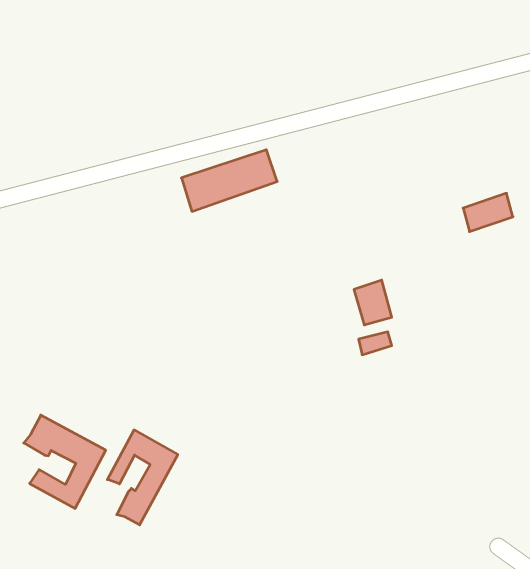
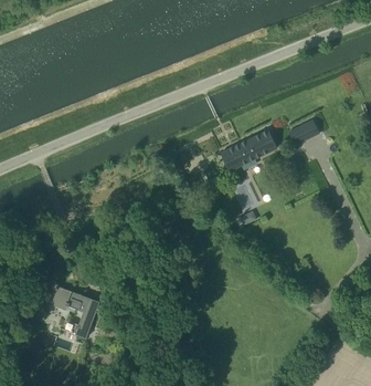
building: [181,150,277,211] -> [221,129,277,171]
building: [107,430,178,525] -> none

